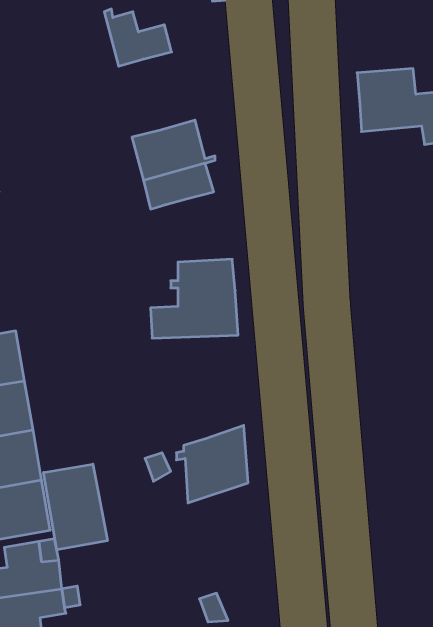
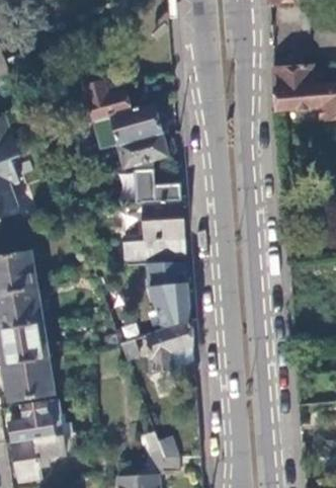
building: [104,9,172,66] -> [84,80,132,120]
building: none -> [135,159,182,204]
building: none -> [148,261,190,328]
building: [44,464,107,550] -> none

